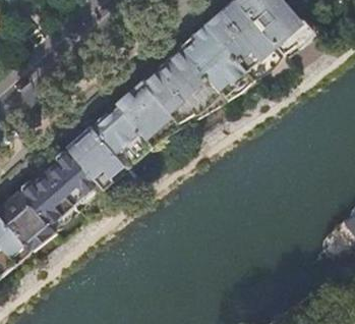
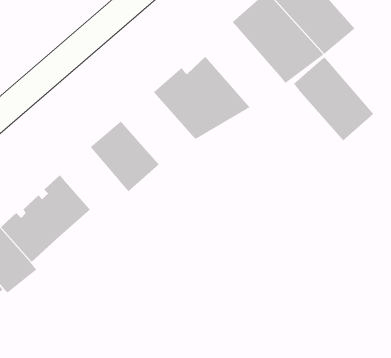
building: [183,24,249,94] -> [293,56,374,141]
building: [118,82,176,141] -> none
building: [68,126,124,184] -> none

